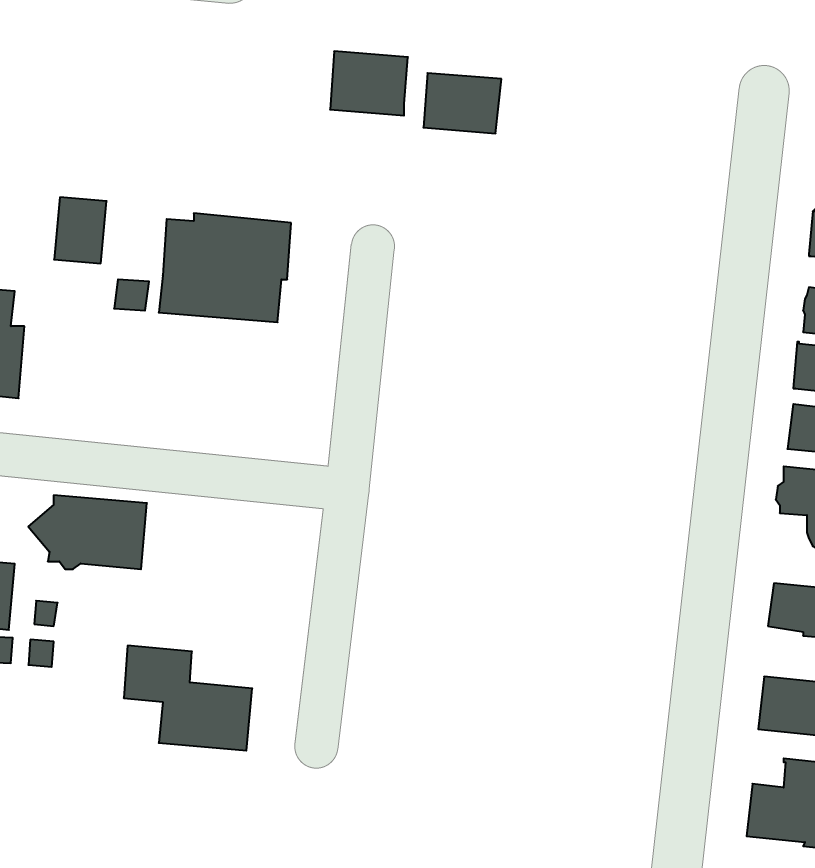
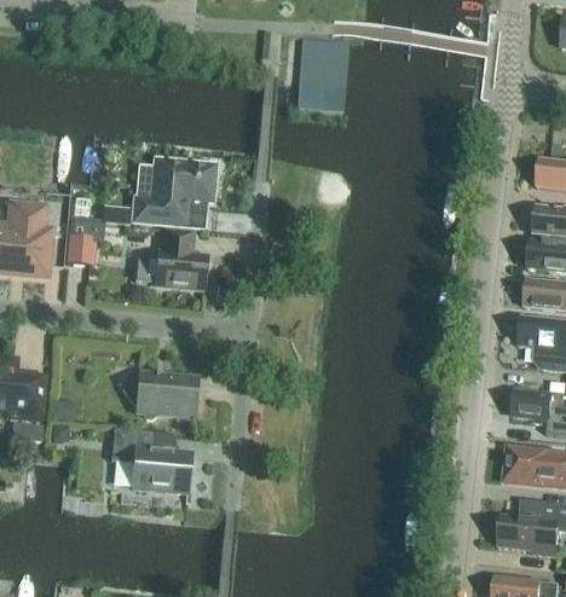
building: [330,51,408,116] -> [300,36,348,76]
building: [54,197,107,263] -> [65,222,98,263]
building: none -> [155,228,207,289]
building: [28,495,147,569] -> [123,371,197,417]

